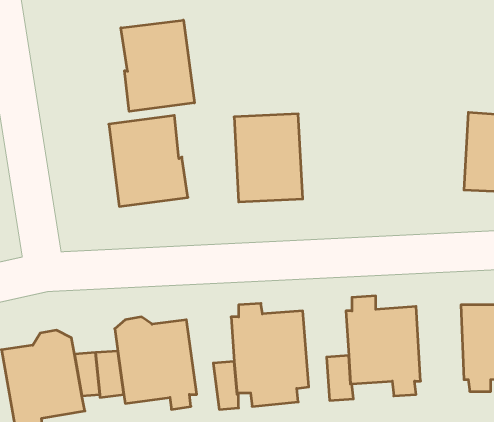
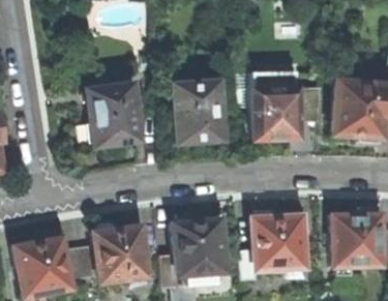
building: [121,20,194,111] -> none
building: none -> [252,83,298,139]

